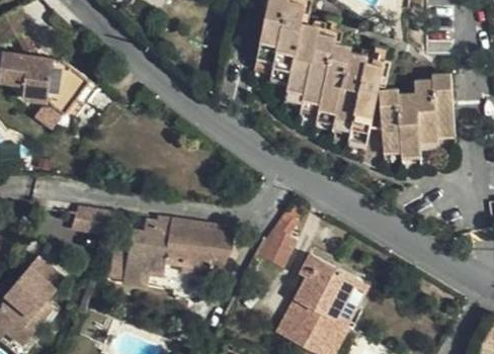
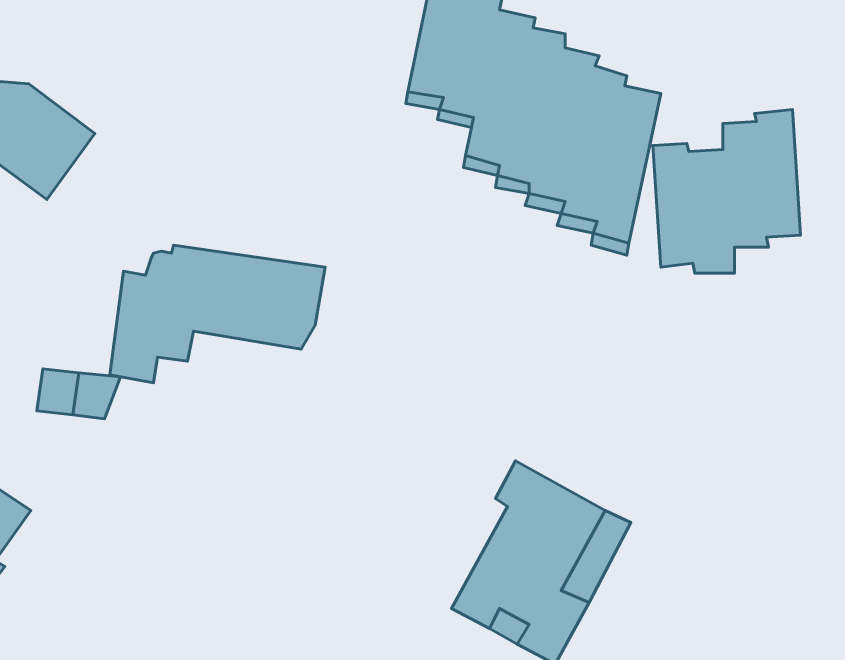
building: [256,212,295,265] -> none
building: [125,215,234,285] -> [110,245,325,383]

